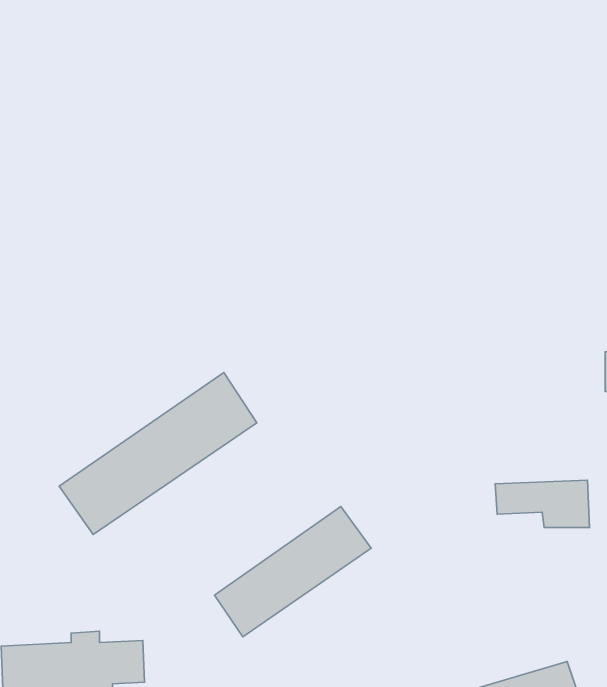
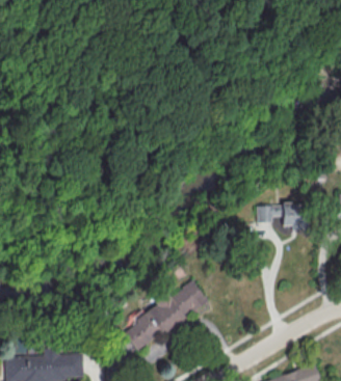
building: [59,372,257,534] -> none
building: [495,480,589,527] -> [255,202,307,228]

